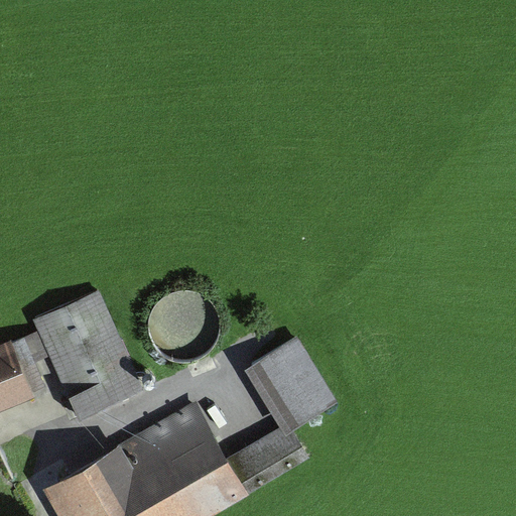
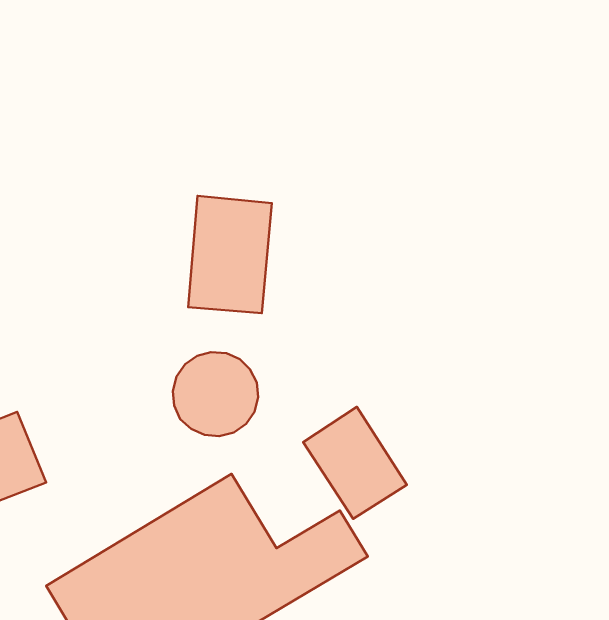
building: none -> [188,196,272,313]
building: [27,289,142,424] -> none

